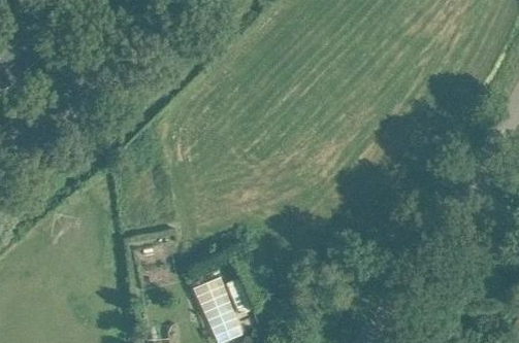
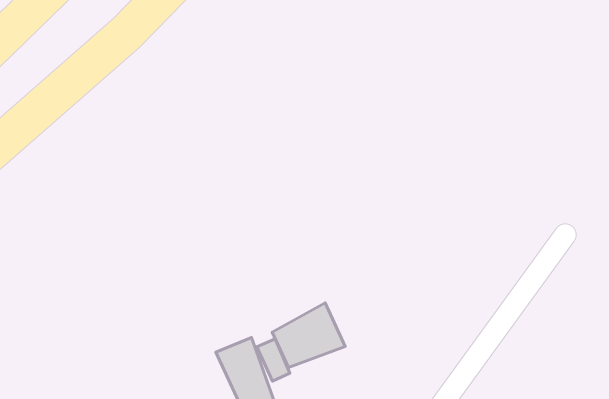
building: none -> [272,303,345,368]

